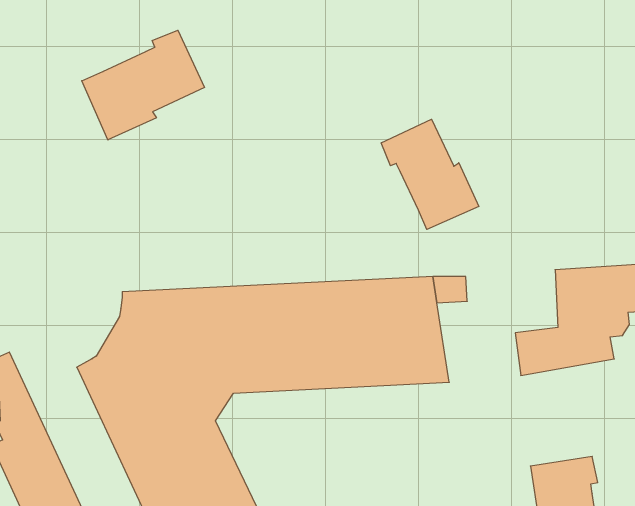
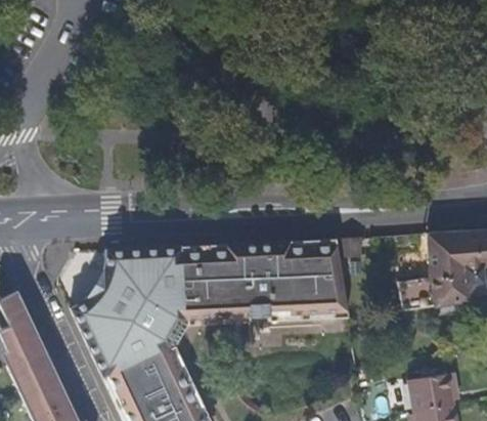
building: [82,30,204,140] -> none
building: [381,119,479,229] -> none

